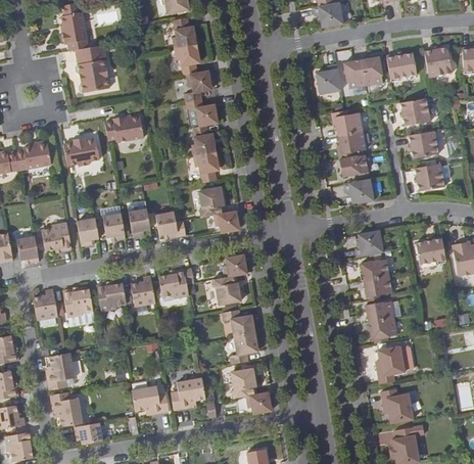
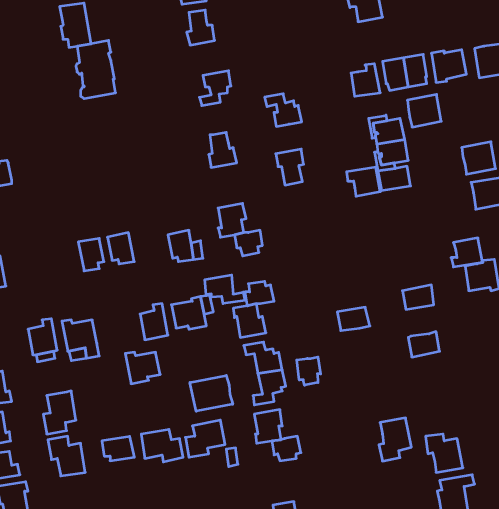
building: [175,44,199,75] -> none
building: [400,97,430,126] -> [407,94,441,127]
building: [185,98,218,127] -> [265,94,302,126]
building: [104,117,141,142] -> none
building: [62,134,99,160] -> none
building: [15,142,52,169] -> none
building: [193,151,218,183] -> [276,149,304,185]
building: [344,179,374,204] -> [347,167,380,196]
building: [129,207,150,237] -> none
building: [41,223,72,249] -> none
building: [356,230,383,256] -> [451,238,482,267]
building: [16,236,39,263] -> none
building: none -> [205,275,245,304]
building: [364,276,392,296] -> [337,307,370,331]
building: [96,283,127,311] -> [125,352,160,384]
building: [369,317,397,339] -> none
building: none -> [297,357,321,385]
building: none -> [190,375,233,411]
building: [376,345,405,383] -> [379,418,411,461]
building: [75,422,103,444] -> [102,436,134,461]

